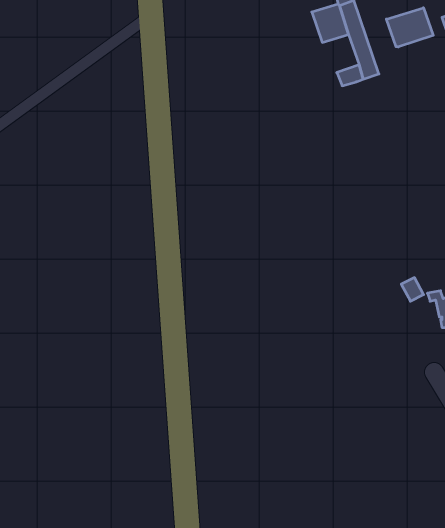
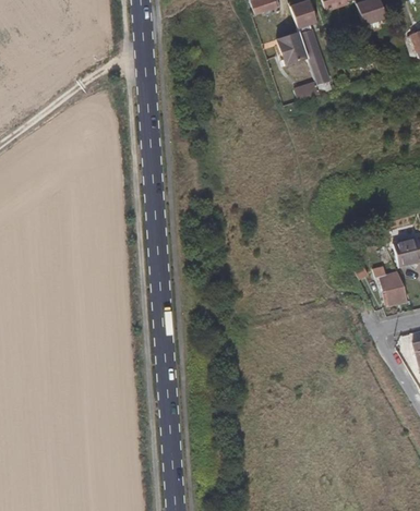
building: [386,8,433,47] -> none

